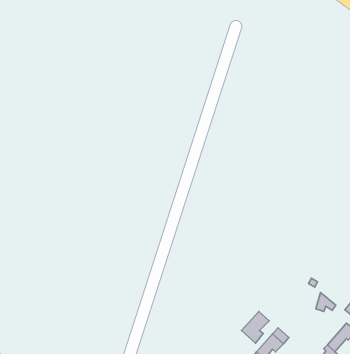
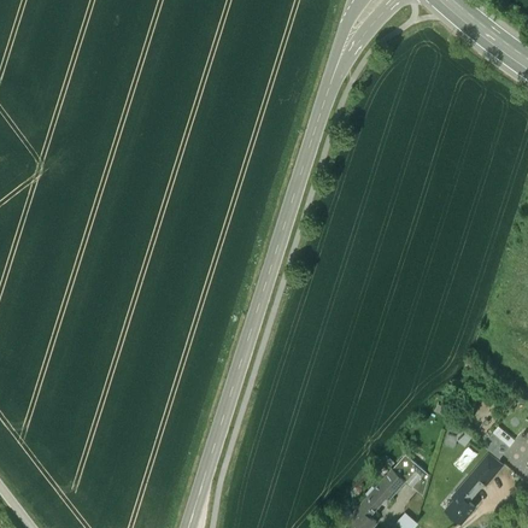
building: [242,311,269,343] -> none

